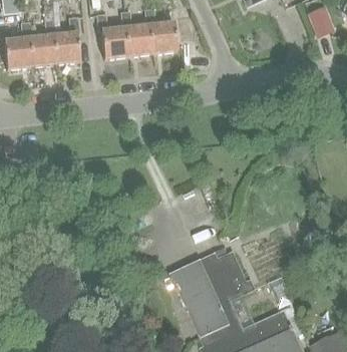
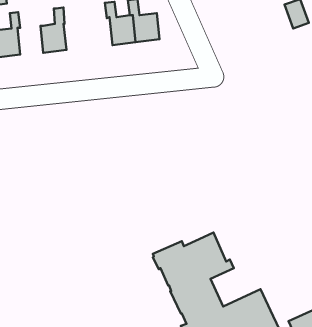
building: [96,13,128,58] -> none
building: [29,19,56,65] -> none

